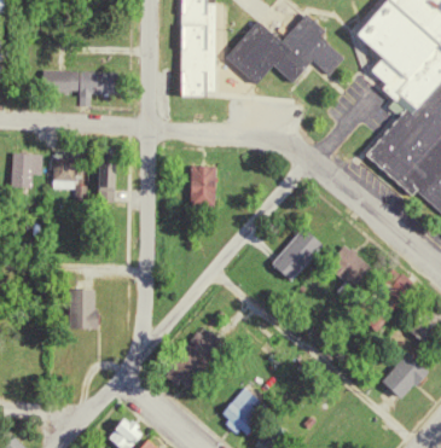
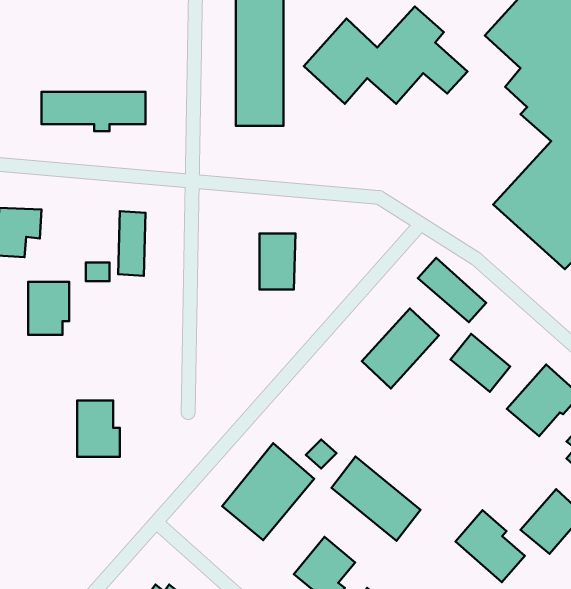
building: [51,152,80,190] -> [28,282,69,335]
building: none -> [418,258,486,322]
building: none -> [331,457,421,541]
building: none -> [455,510,525,582]

